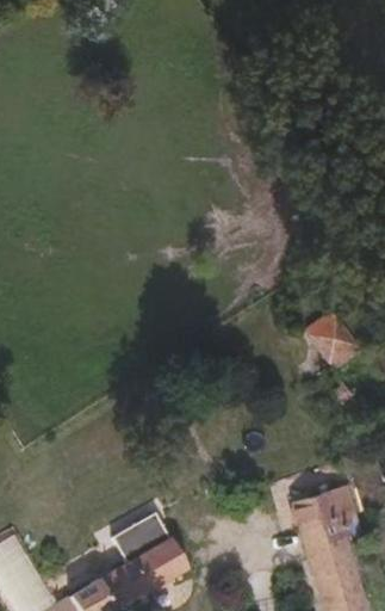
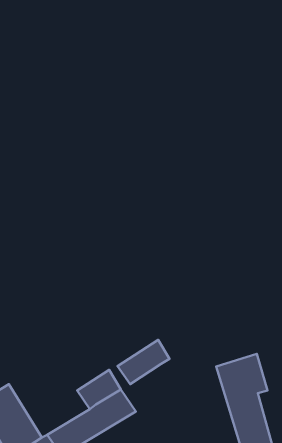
building: [309,314,364,366] -> none
building: none -> [117,340,170,384]

